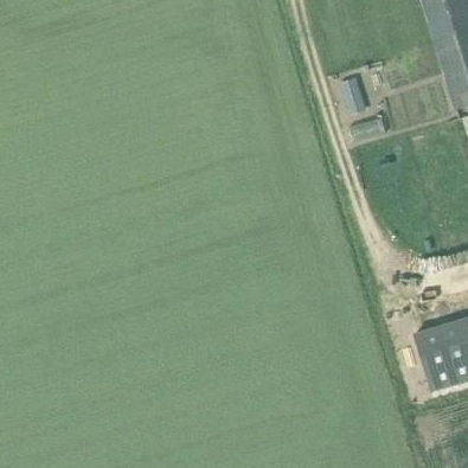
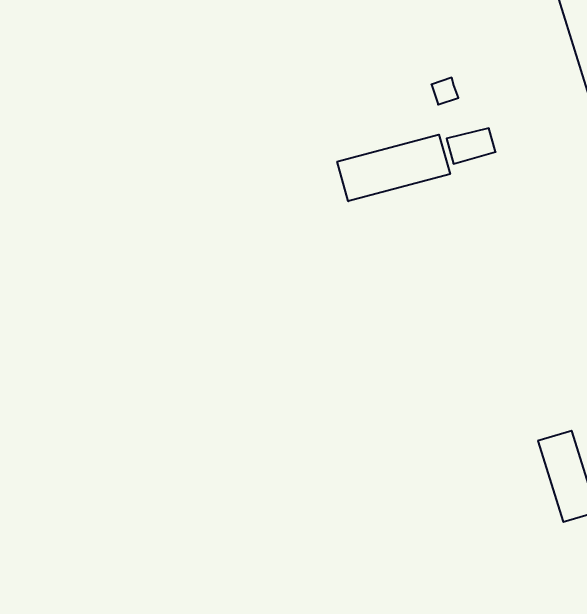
building: none -> [337,135,450,201]

